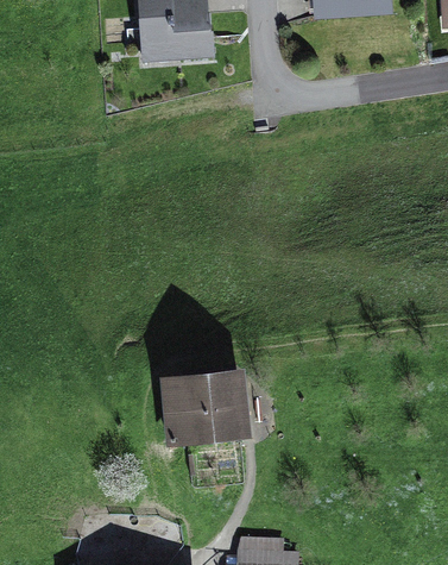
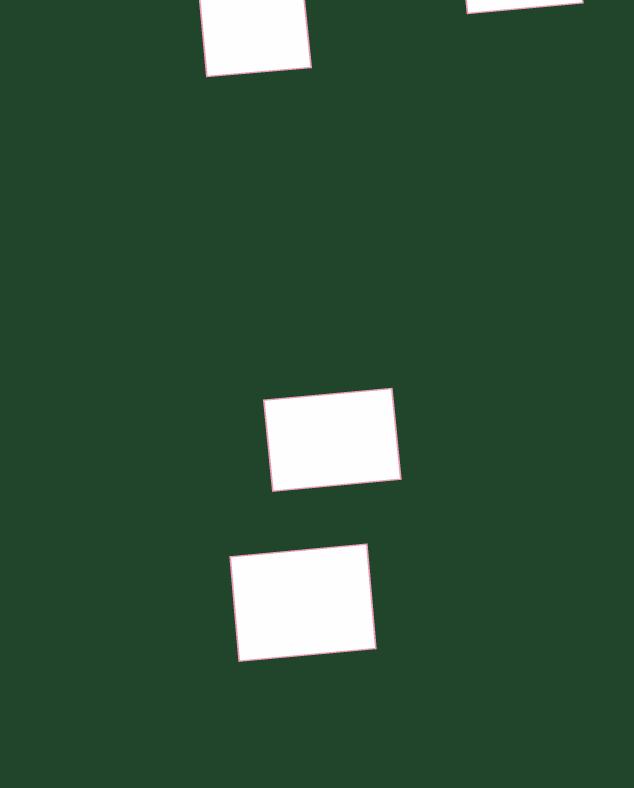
building: none -> [264,389,401,491]

